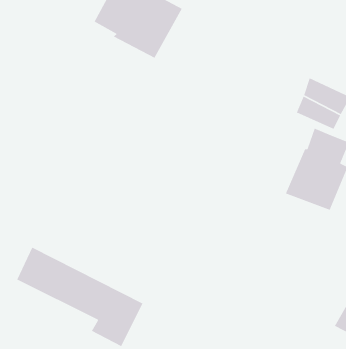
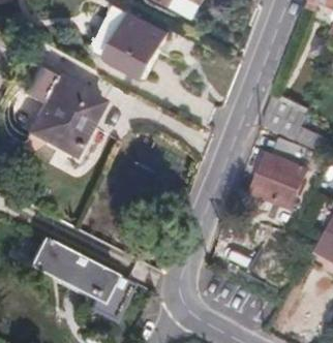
building: none -> [26,66,101,154]

